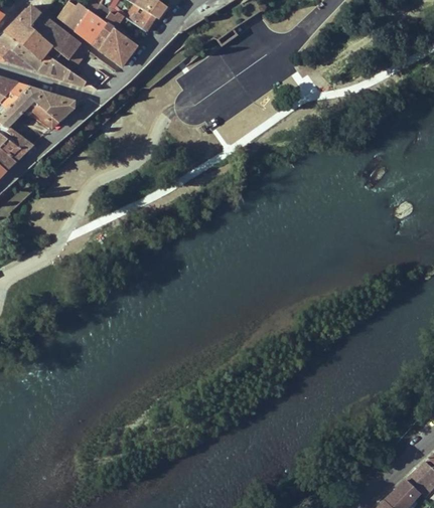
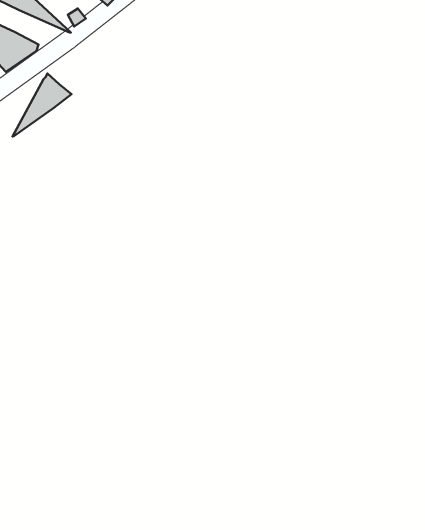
building: none -> [13,74,72,136]

